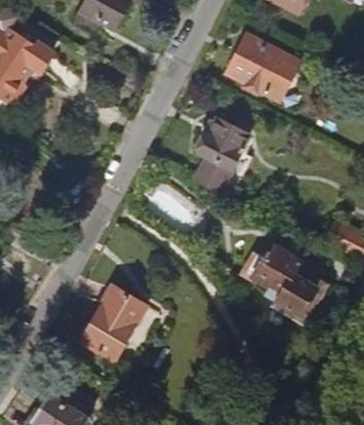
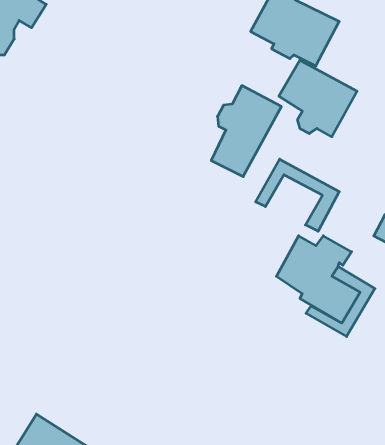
building: none -> [279,60,357,137]
building: none -> [256,159,339,231]
building: [80,285,160,369] -> none

